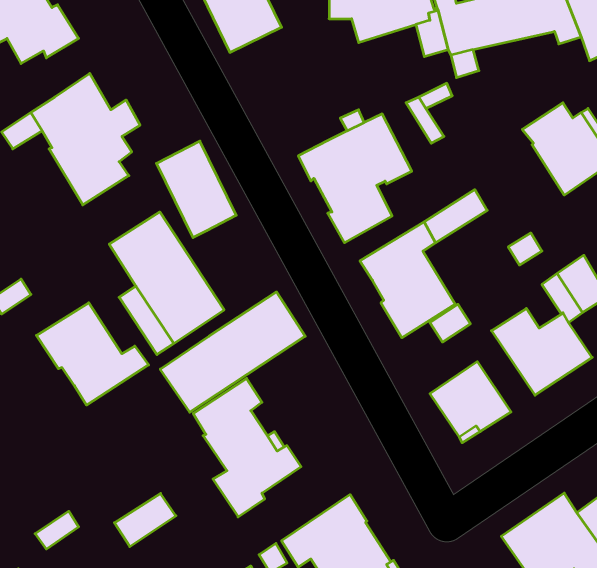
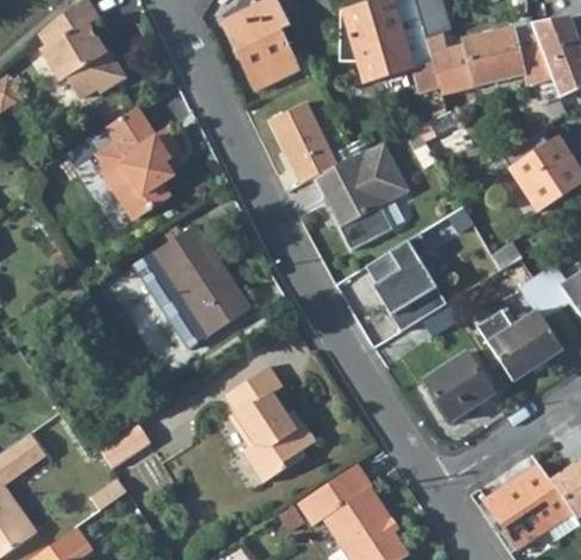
building: [156,141,236,238] -> [270,101,337,183]
building: [160,292,305,412] -> none
building: [36,303,149,405] -> none
building: [114,493,176,547] -> [97,424,150,469]

